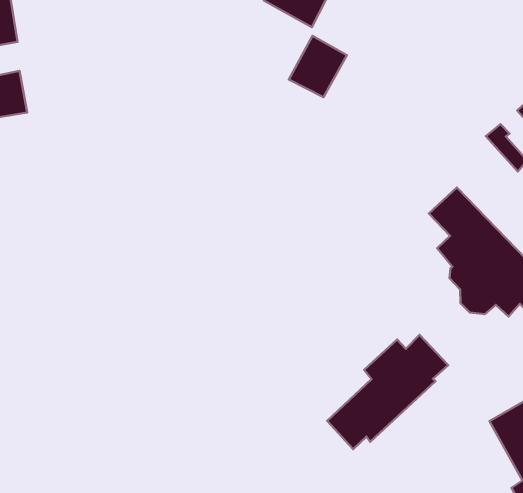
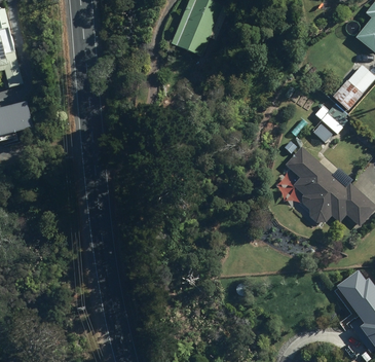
building: [289,36,347,97] -> none
building: [327,335,448,449] -> none

